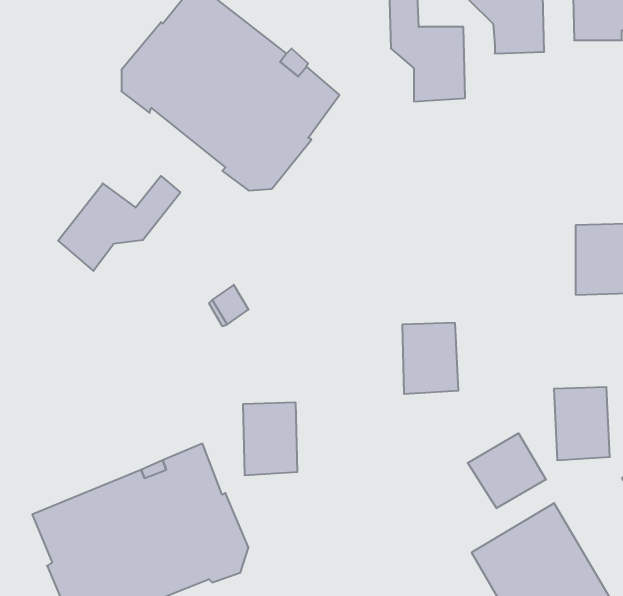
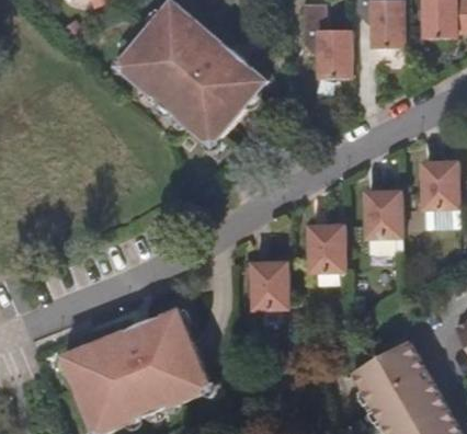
building: [58,176,180,271] -> none
building: [554,387,610,460] -> [364,191,401,239]
building: [243,403,297,475] -> [252,263,288,311]
building: [468,433,546,508] -> none

